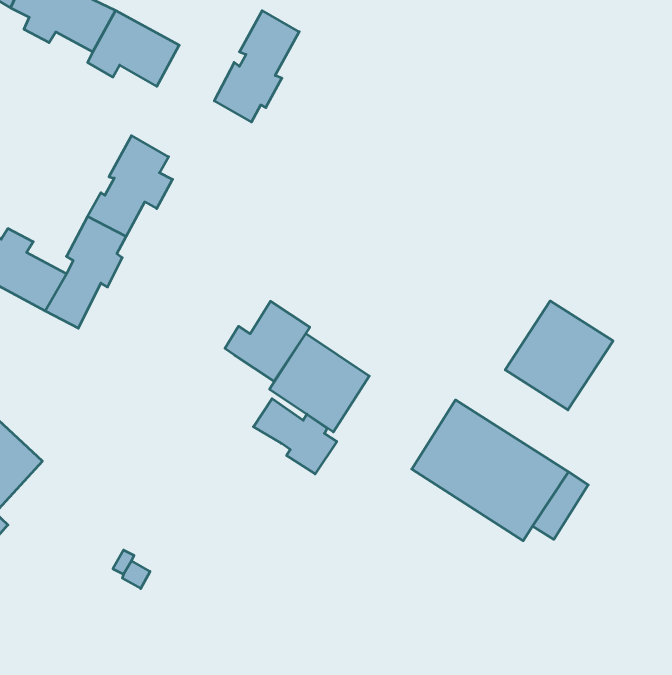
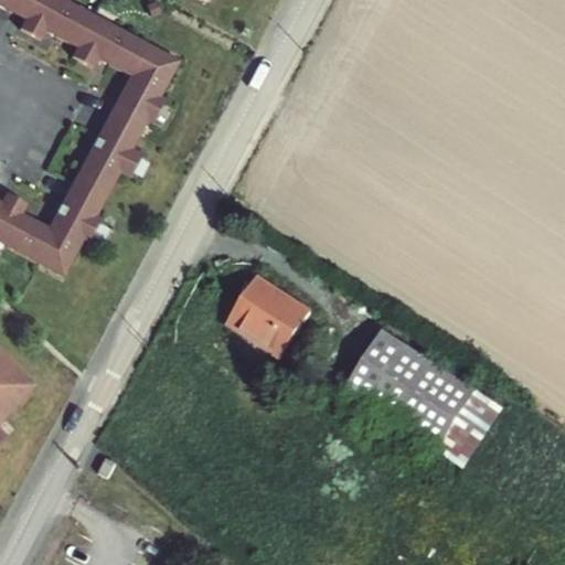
building: [214,11,299,122] -> [109,38,180,130]
building: [505,301,613,410] -> none
building: [225,301,310,381] -> none
building: [253,399,337,474] -> none

